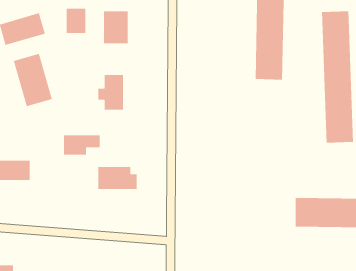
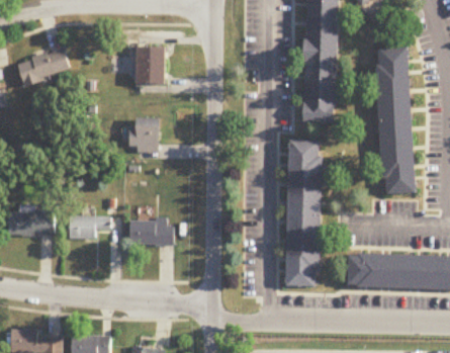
building: [66,8,86,34] -> none
building: [13,53,53,107] -> none
building: none -> [285,140,322,287]
building: [63,135,100,156] -> [69,216,110,240]

